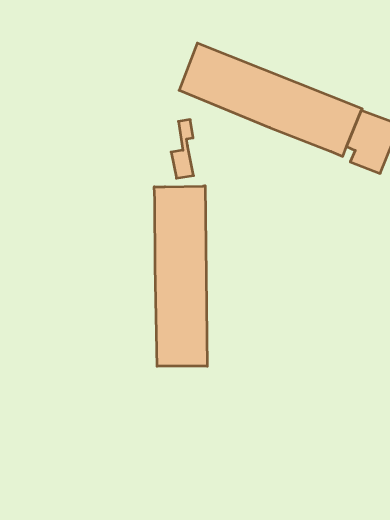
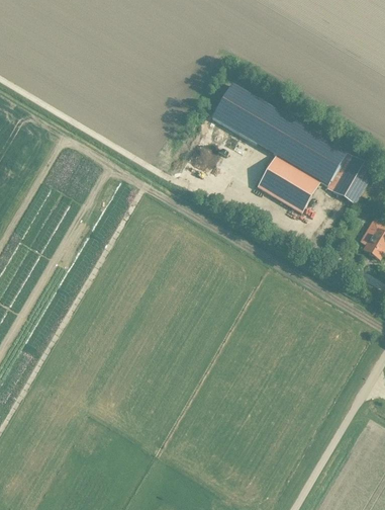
building: none -> [258,155,319,212]
building: [154,186,207,366] -> none

